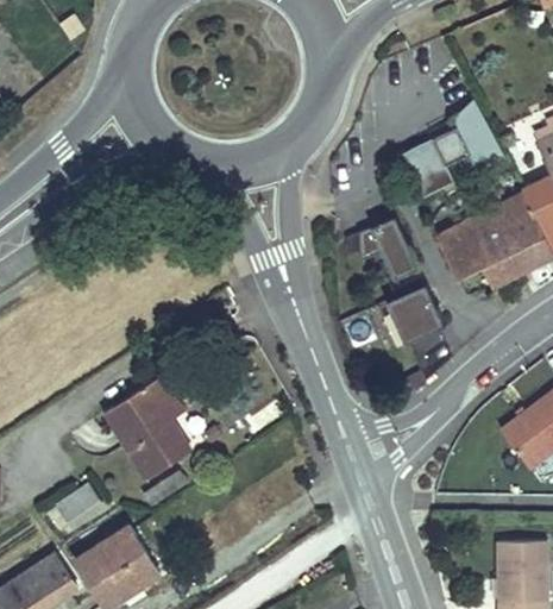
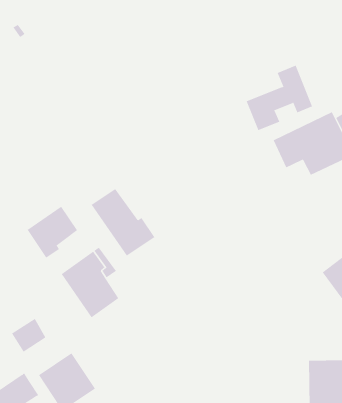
building: [363,214,410,276] -> none
building: [381,283,436,340] -> none
building: none -> [91,188,155,257]
building: none -> [27,206,78,259]

